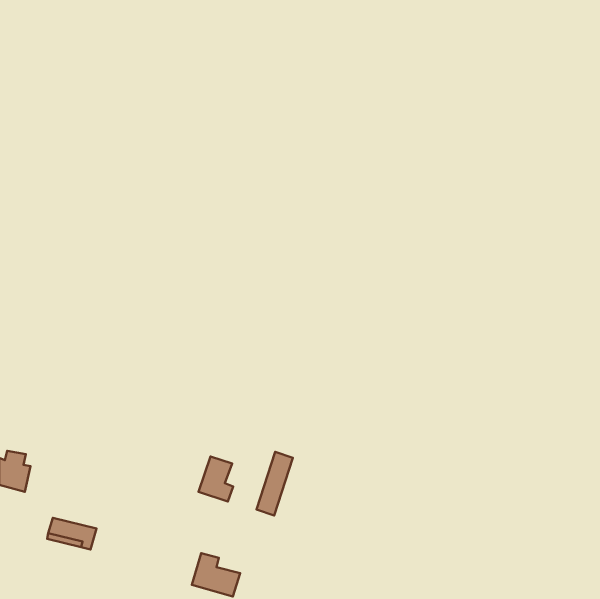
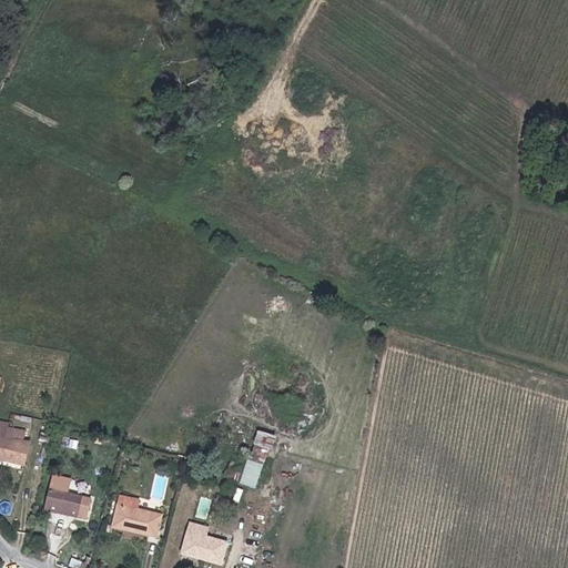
building: [199,456,233,501] -> none
building: none -> [112,498,161,535]

